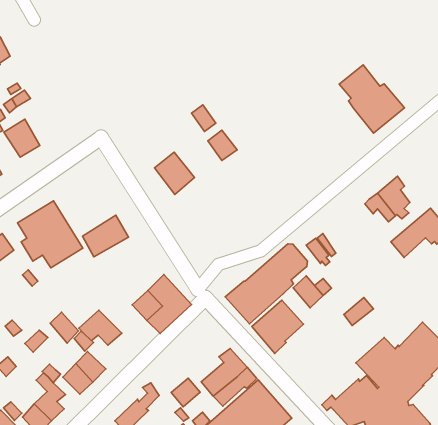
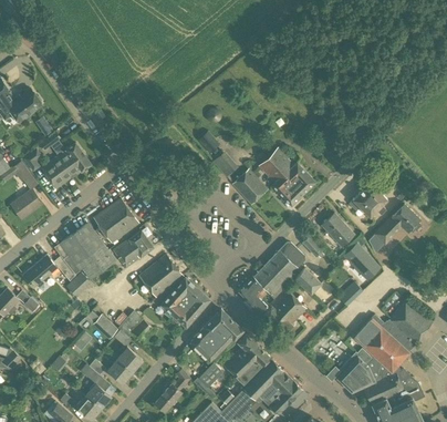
building: [339,65,405,133] -> [259,148,315,205]
building: none -> [58,143,91,177]
building: [154,152,195,194] -> [232,169,267,205]
building: none -> [93,198,138,243]
building: none -> [321,214,353,246]
building: none -> [139,255,183,297]
building: none -> [343,243,381,281]
building: none -> [190,309,242,361]

